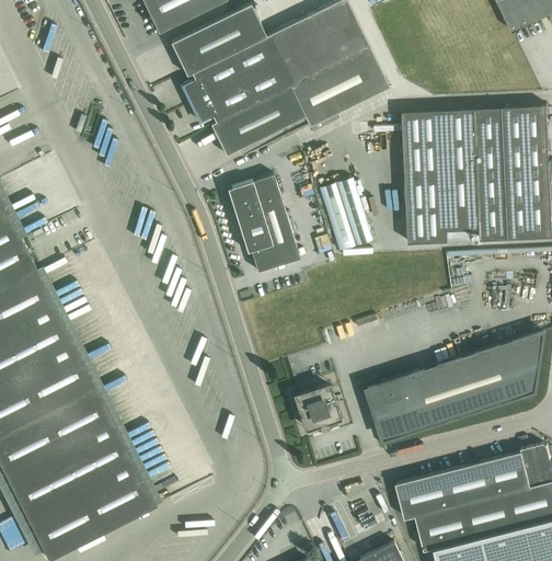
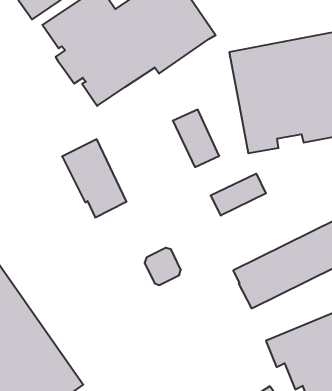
building: [227,174,300,273] -> [62,139,127,217]
building: none -> [211,174,266,216]
building: [295,385,340,431] -> [145,248,181,285]

